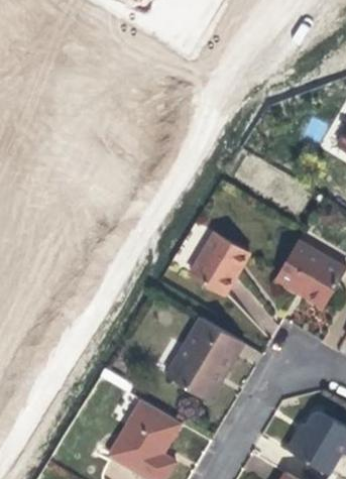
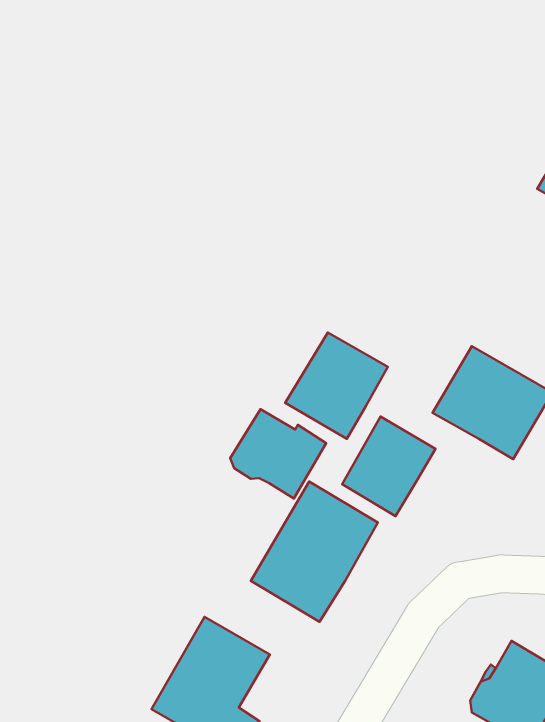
building: none -> [230,409,326,498]
building: none -> [342,416,436,516]

